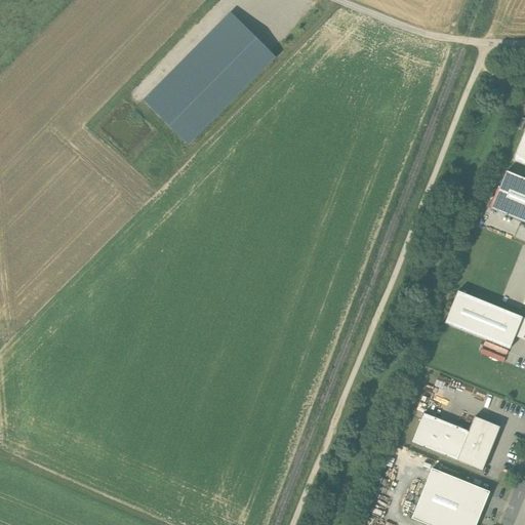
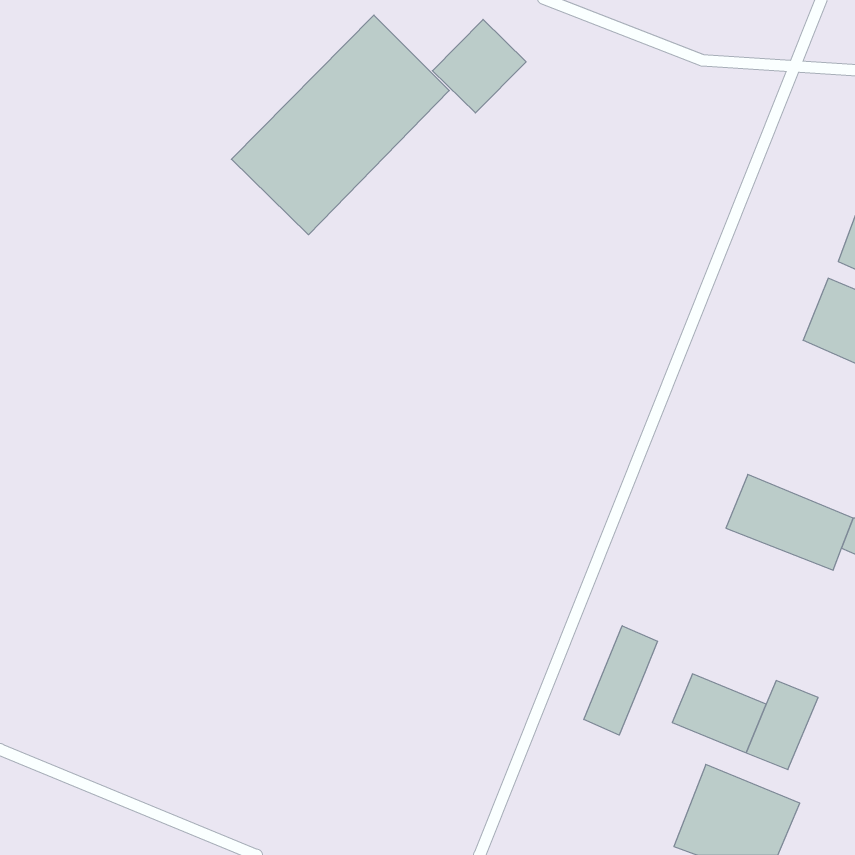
building: none -> [432,19,526,113]
building: none -> [584,626,658,735]

